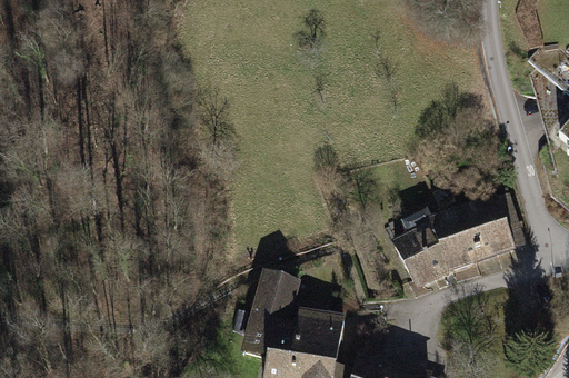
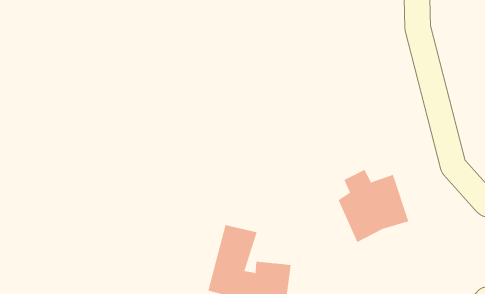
building: [459,197,515,263] -> none

